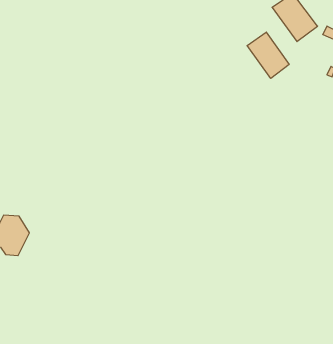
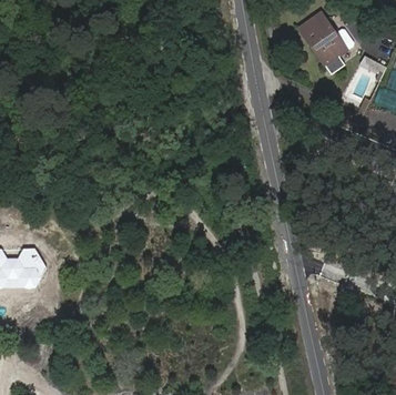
building: [247,32,289,78] -> none

